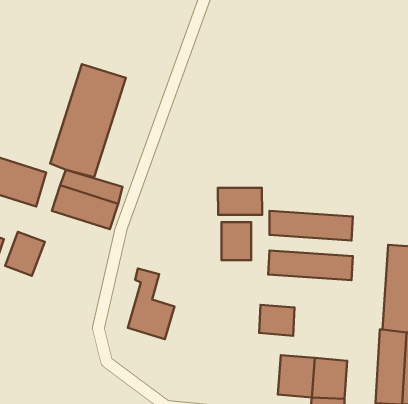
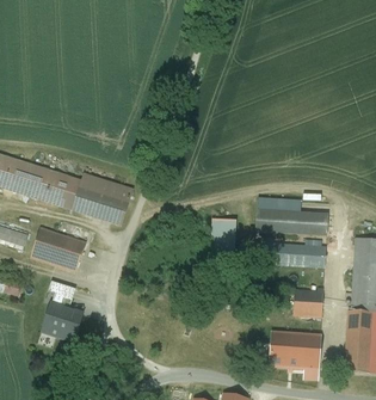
building: [50,64,126,177] -> none
building: [218,188,262,215] -> none
building: none -> [55,234,87,271]
building: [128,268,175,339] -> [43,281,82,340]
building: [259,305,294,336] -> [294,289,323,315]

